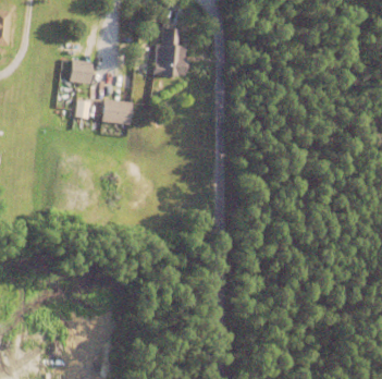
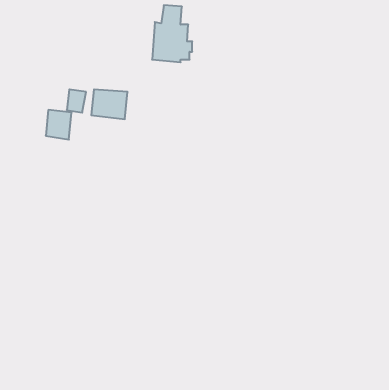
building: [67,59,89,84] -> [46,110,72,140]

